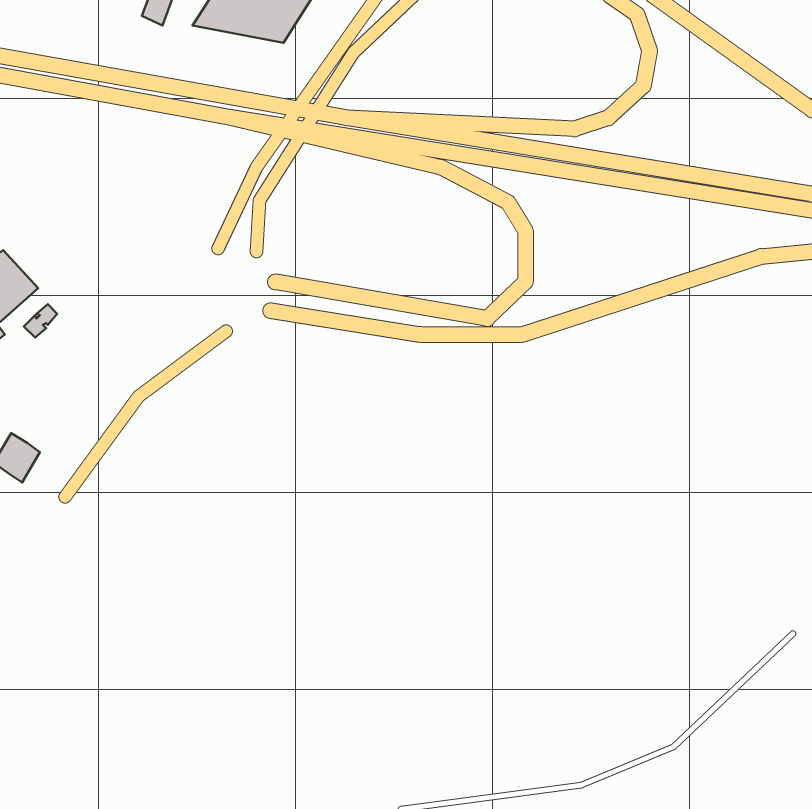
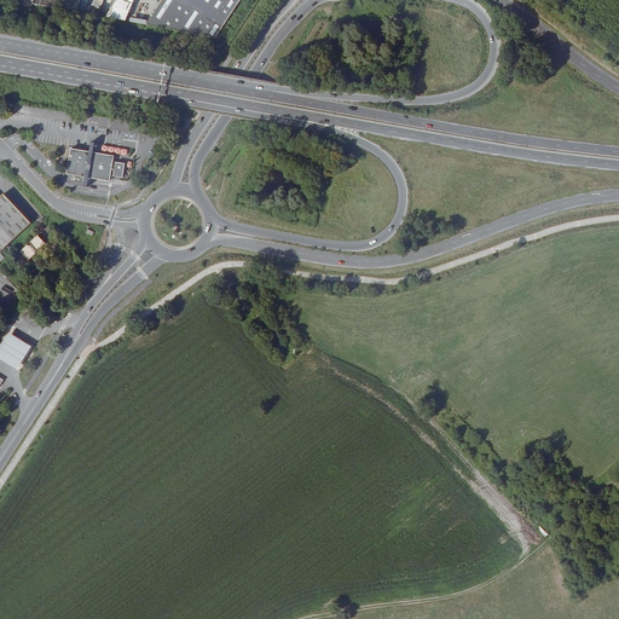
building: none -> [66,147,125,180]

